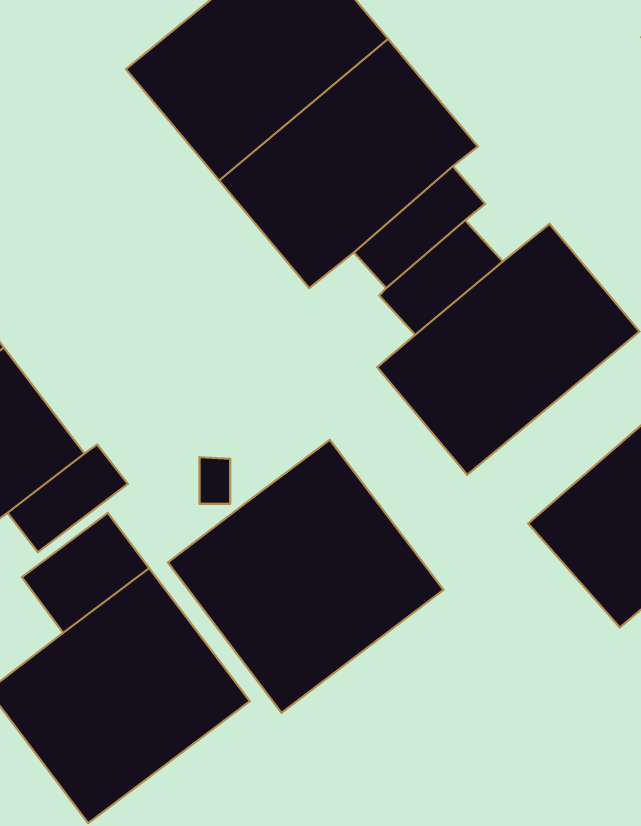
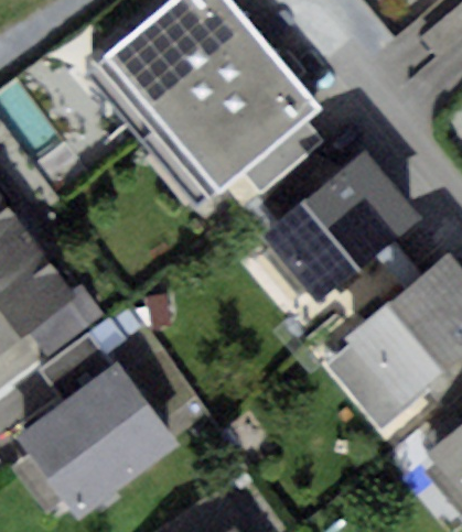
building: [168,440,444,713] -> none

